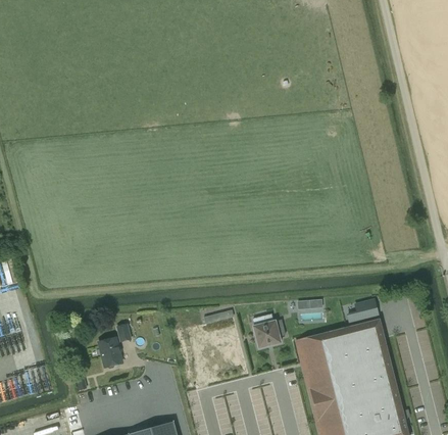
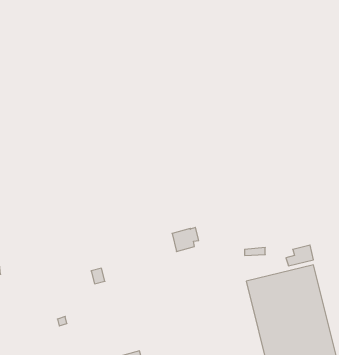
building: [253,321,285,349] -> [172,227,199,252]
building: [98,339,121,370] -> none

